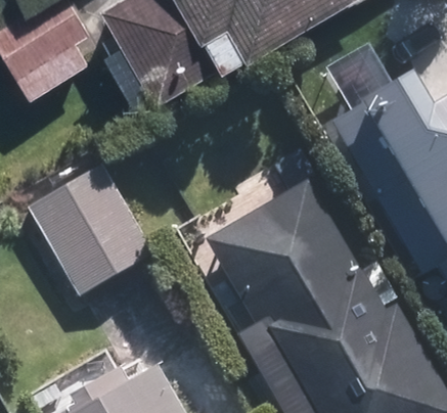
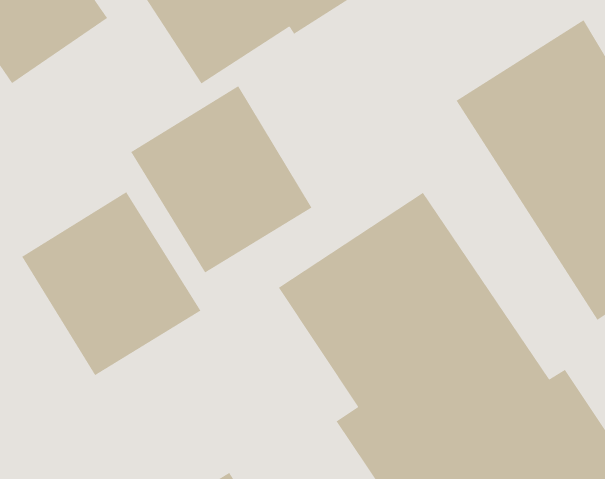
building: none -> [130,85,312,273]

